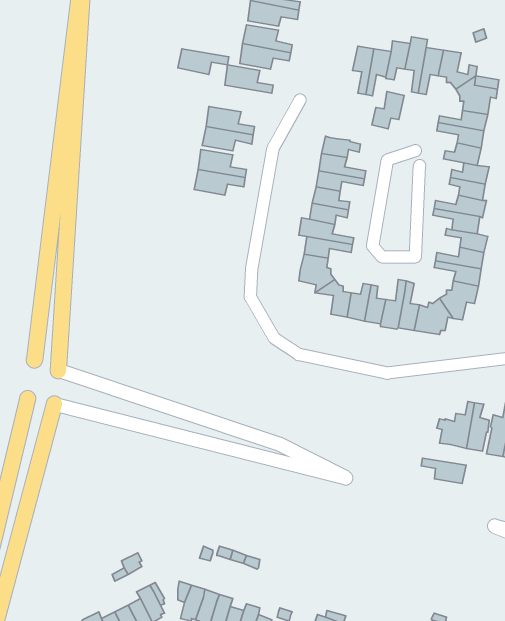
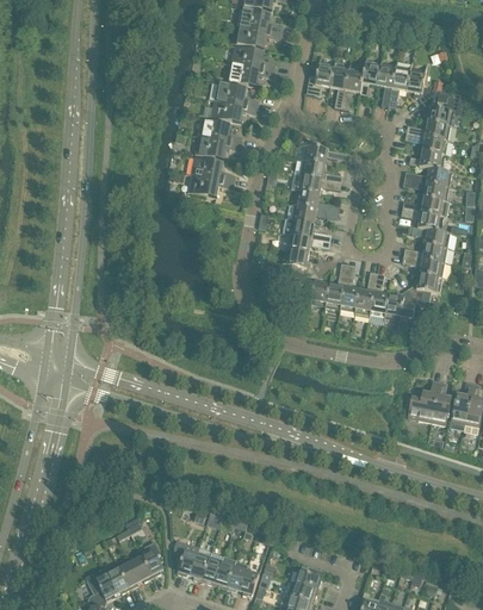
building: [178,49,229,74] -> [212,99,258,122]
building: [372,91,404,129] -> [305,61,334,94]
building: [421,458,466,484] -> none

